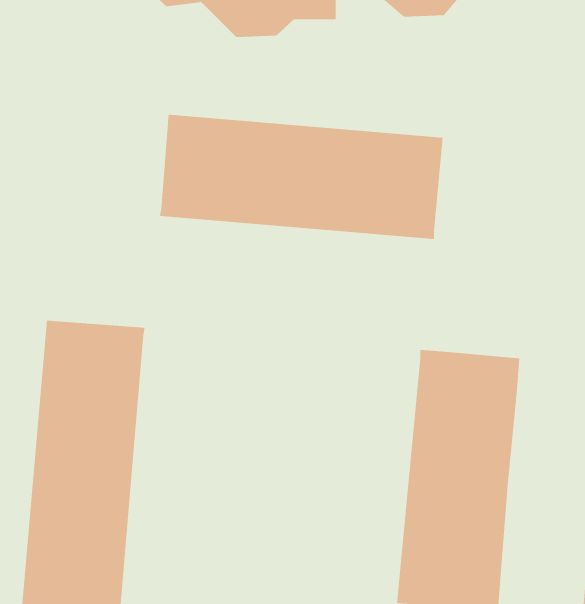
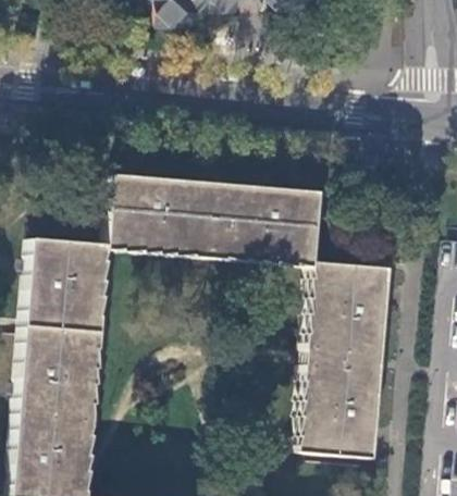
building: [159,114,444,239] -> [110,174,322,268]

